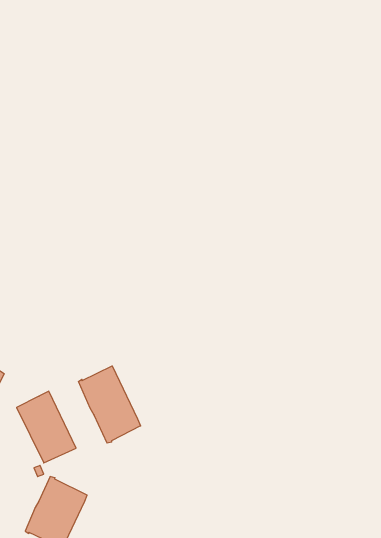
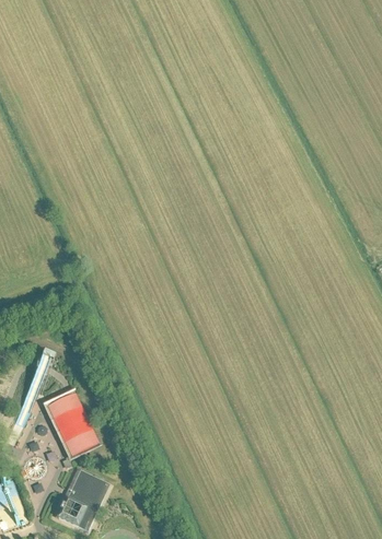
building: [79,366,141,443] -> none

